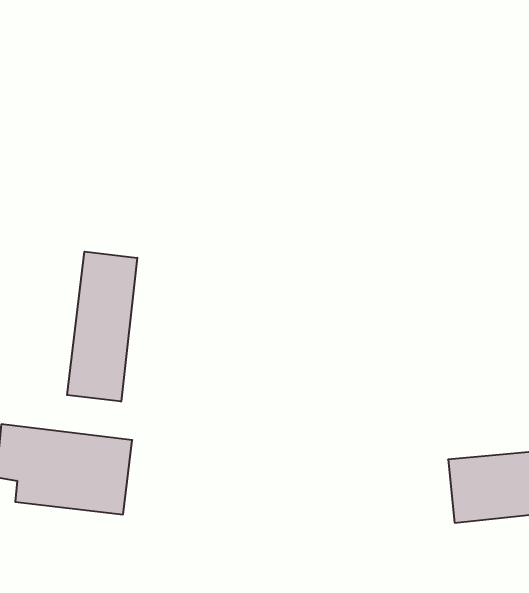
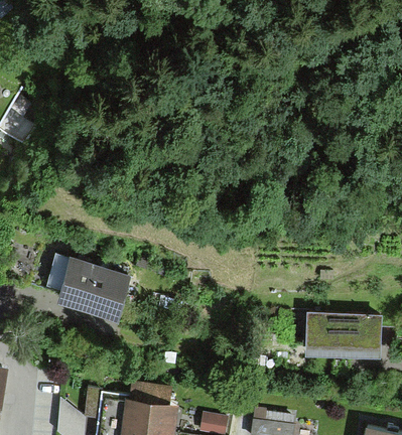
building: [67,252,137,402] -> none

